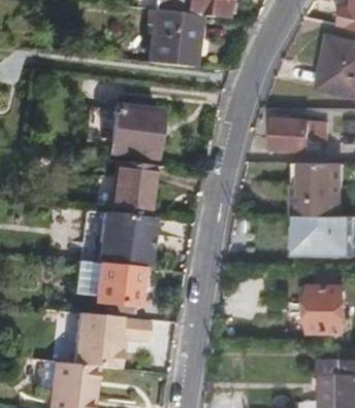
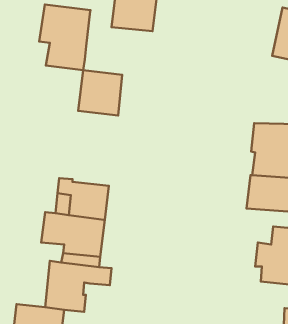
building: none -> [39,5,90,70]
building: [270,117,322,146] -> none
building: [109,160,150,215] -> none

